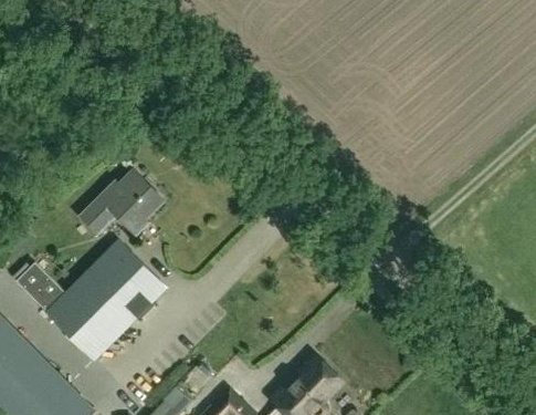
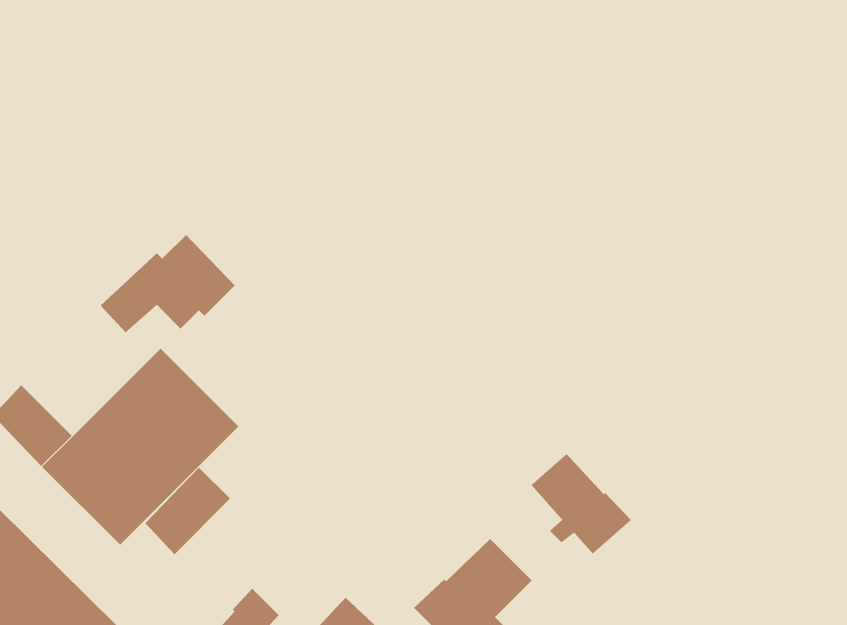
building: none -> [530,453,632,555]
building: none -> [144,467,231,555]

